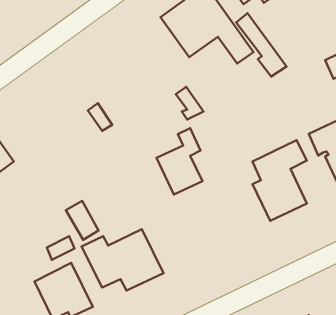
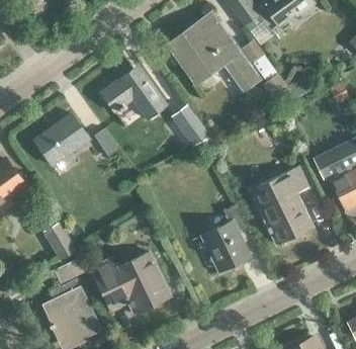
building: none -> [100,69,166,118]
building: none -> [33,113,88,165]
building: [156,128,203,195] -> [202,206,248,272]
building: [66,201,99,240] -> [42,222,75,260]

